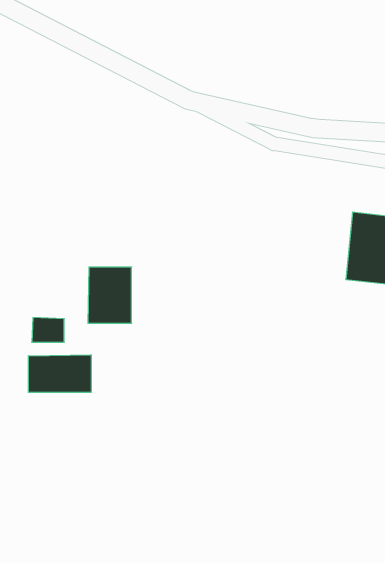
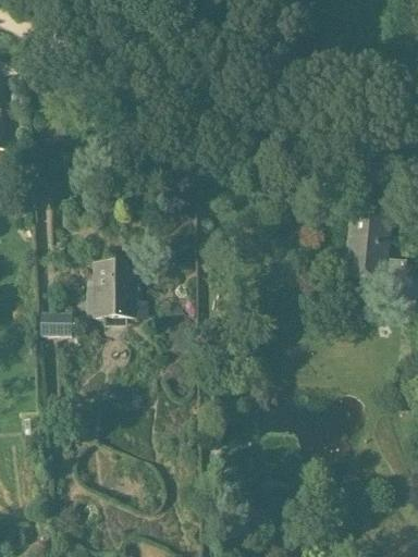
building: [28,355,91,392] -> none

